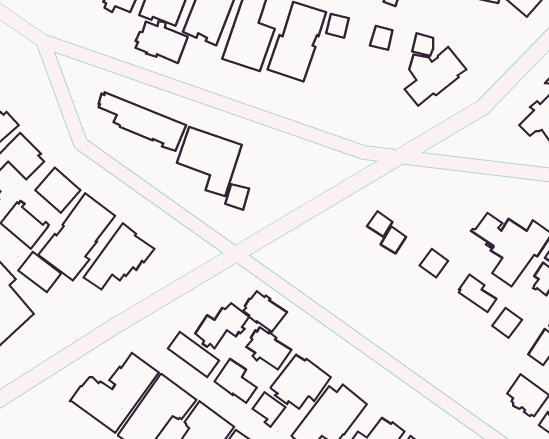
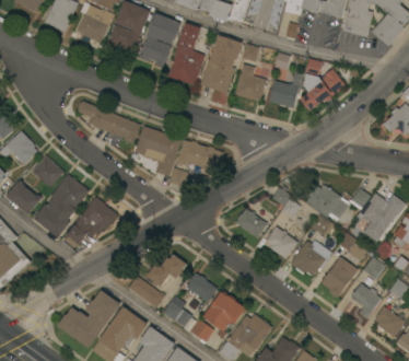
building: [136,21,188,63] -> none
building: none -> [235,62,268,101]
building: none -> [268,72,305,107]
building: none -> [177,139,225,171]
building: none -> [305,182,350,224]
building: [18,252,61,292] -> none
building: none -> [266,226,297,259]
building: none -> [291,241,331,277]
building: [243,291,287,332] -> [236,208,268,237]
building: none -> [322,256,358,298]
building: none -> [351,283,381,318]

